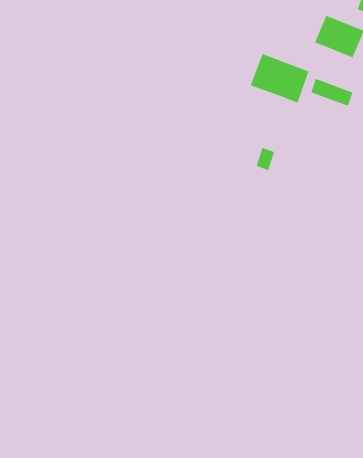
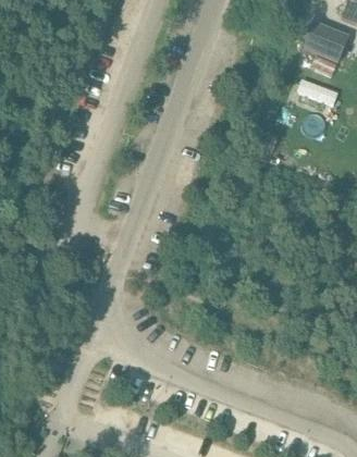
building: [250,53,309,104] -> none

